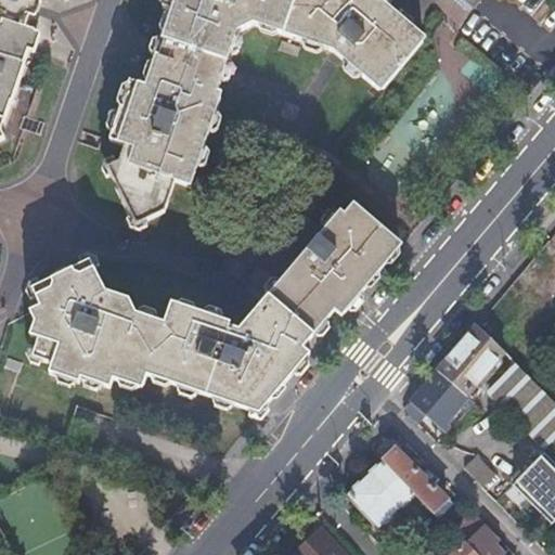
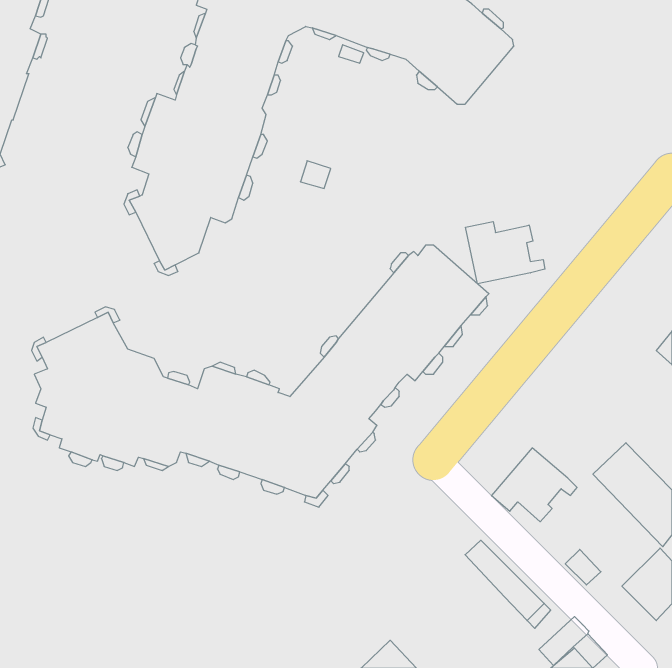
building: none -> [466,222,545,284]
building: [438,324,501,393] -> none
building: [347,456,416,542] -> none

